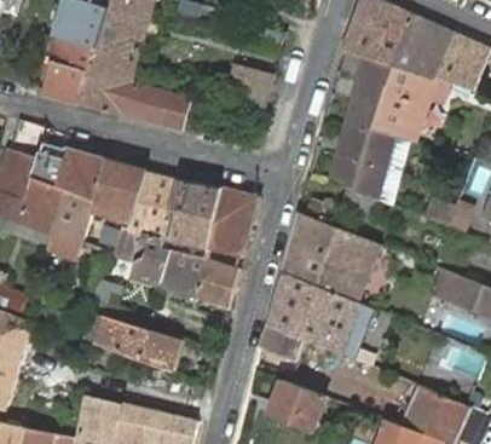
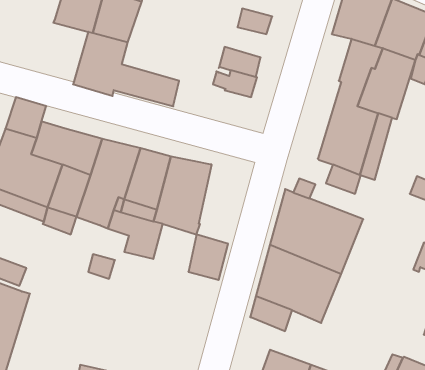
building: [41,40,93,104] -> none
building: [208,188,259,258] -> none
building: [161,249,206,299] -> none
building: [97,318,179,370] -> none

